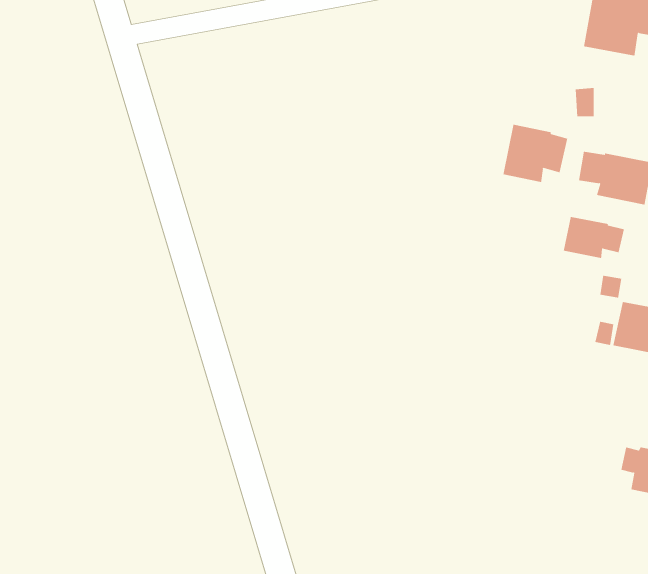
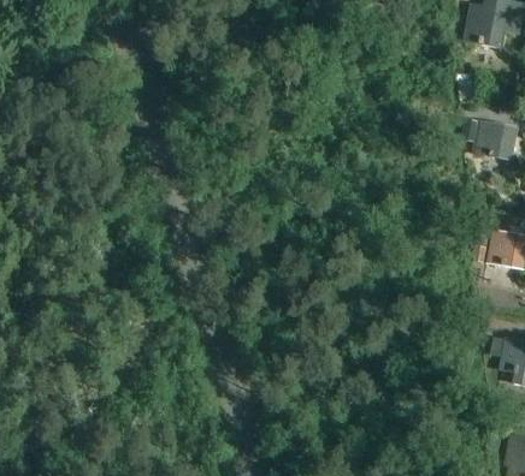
building: [503,124,568,183] -> none
building: [563,216,624,259] -> none

